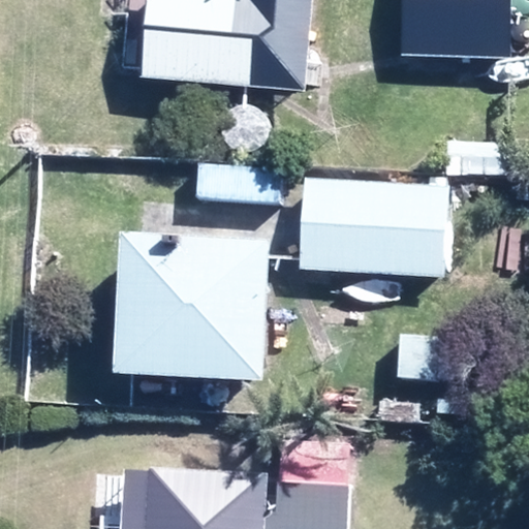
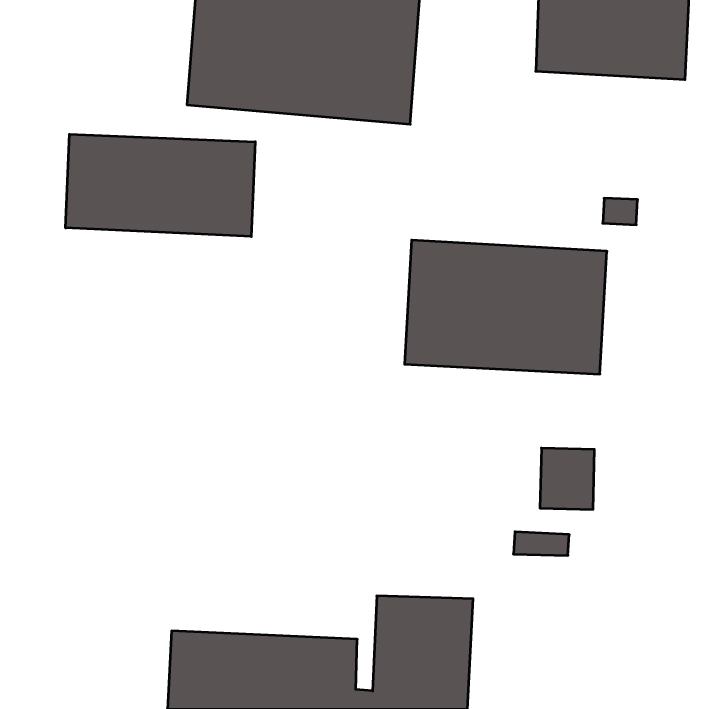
building: none -> [66,134,255,237]
building: [113,237,267,384] -> none

